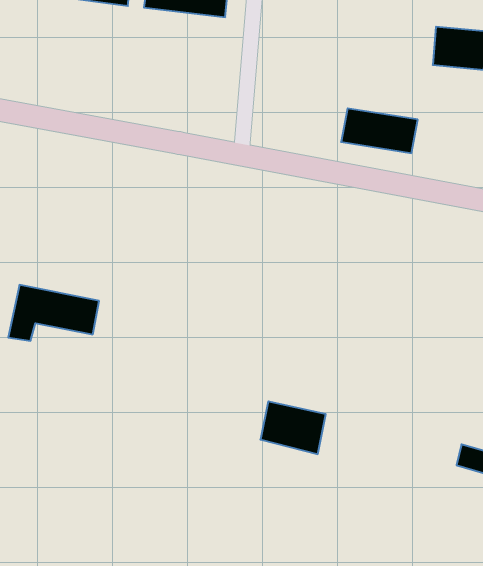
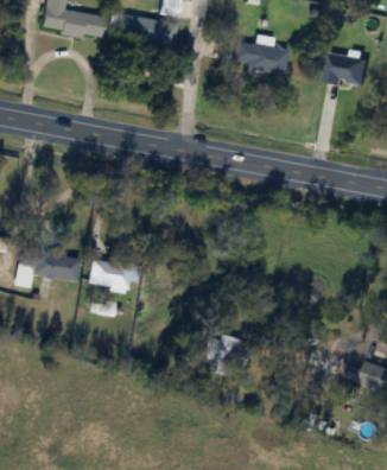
building: [341,108,418,153] -> [234,40,291,74]
building: none -> [90,259,133,291]

